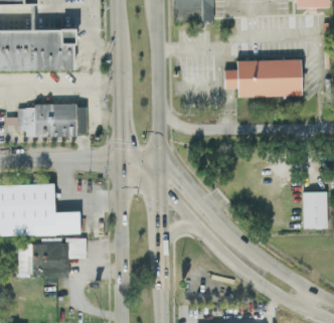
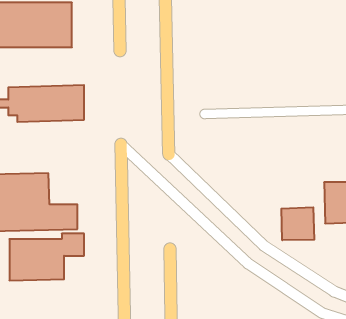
building: [223,58,301,96] -> none
building: none -> [281,207,314,240]

